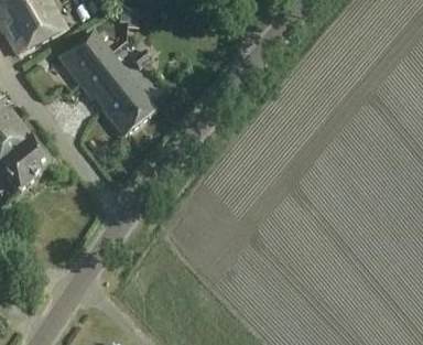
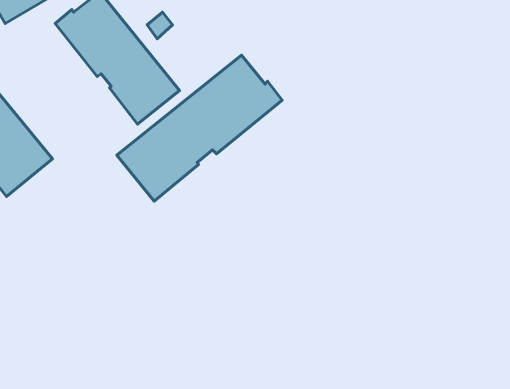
building: none -> [117,55,282,201]

